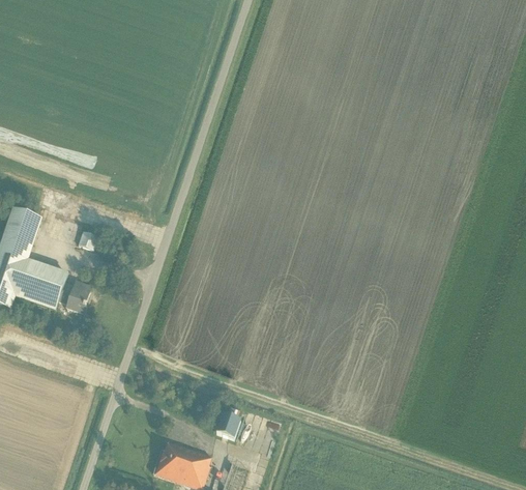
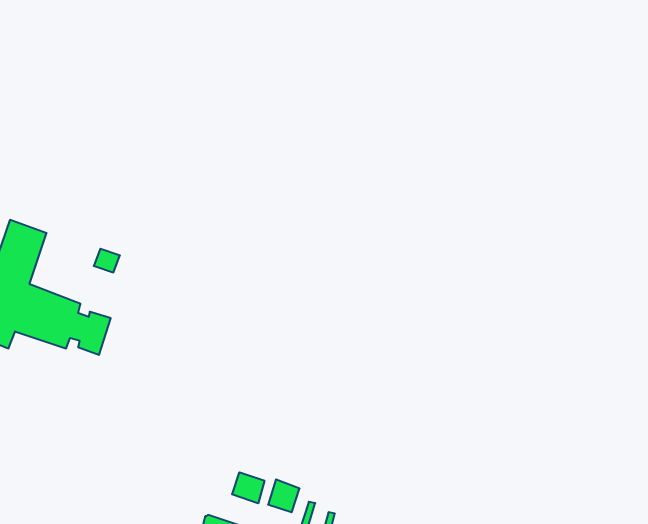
building: none -> [232,472,264,503]

